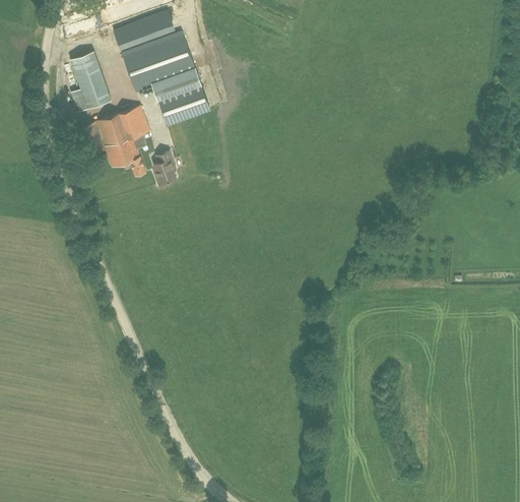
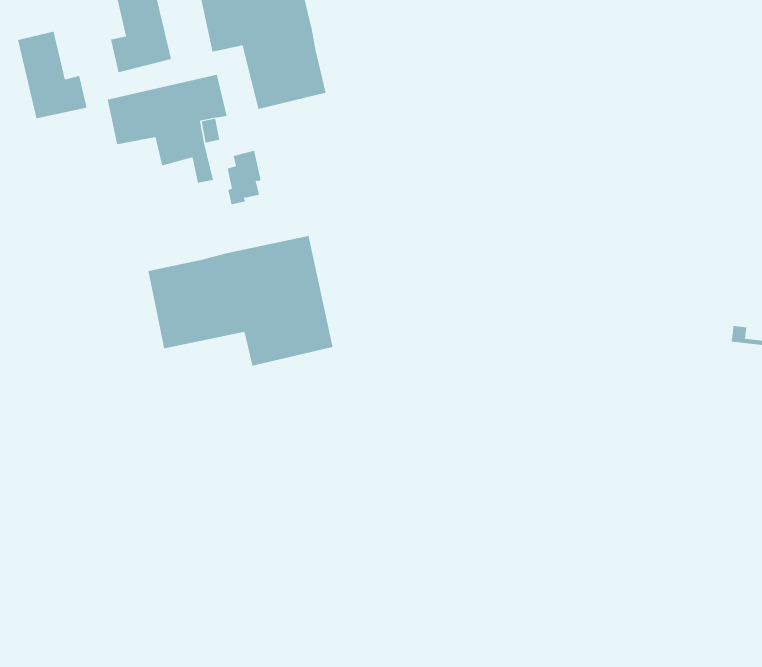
building: none -> [18,31,87,119]
building: none -> [148,235,333,366]

